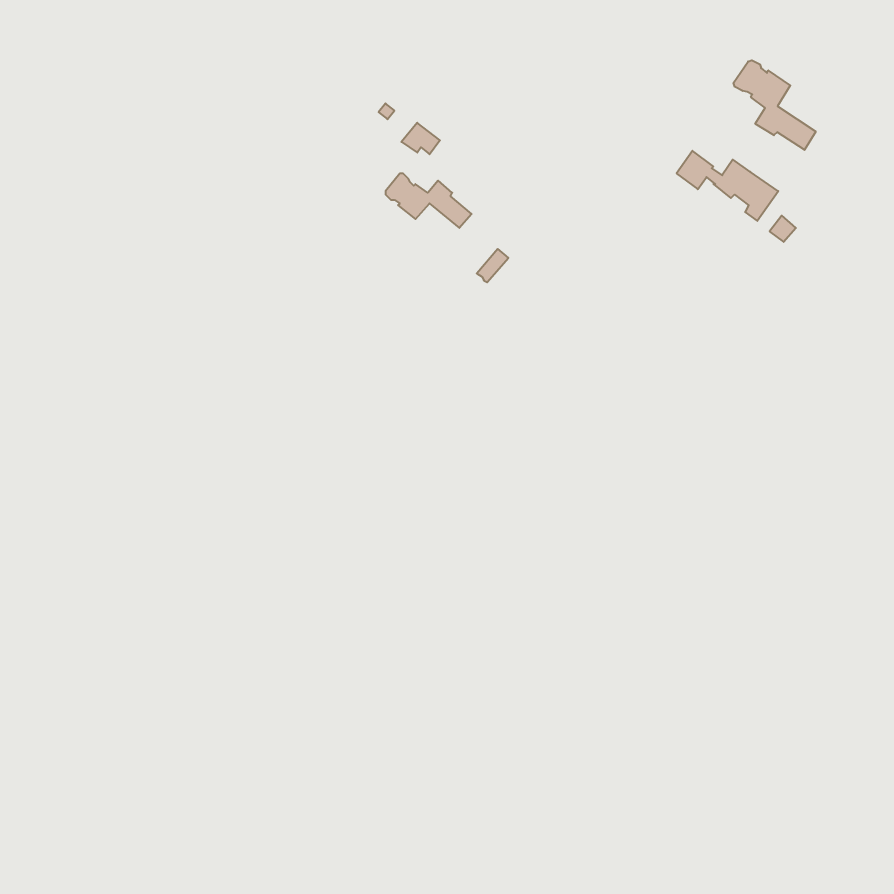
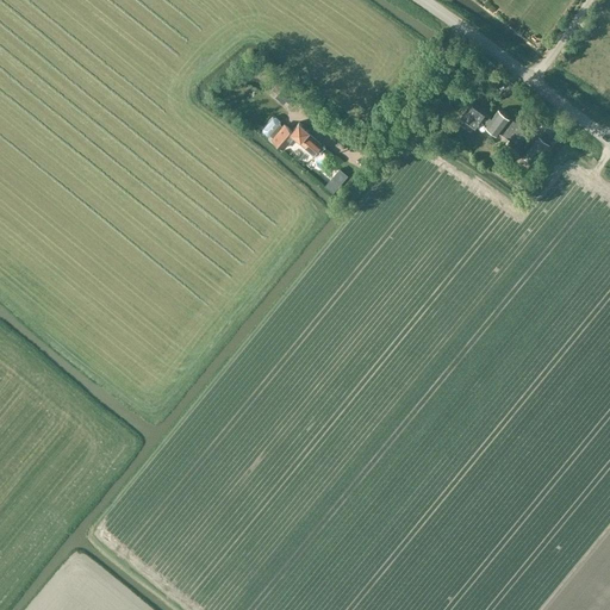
building: [733,60,816,150] -> none

